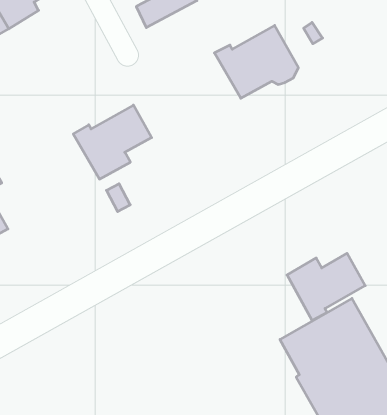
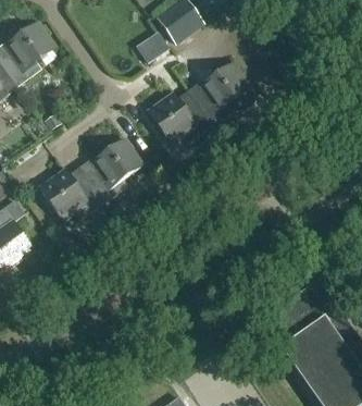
building: none -> [147,90,212,144]
building: none -> [39,168,103,221]
building: [287,253,365,321] -> none

